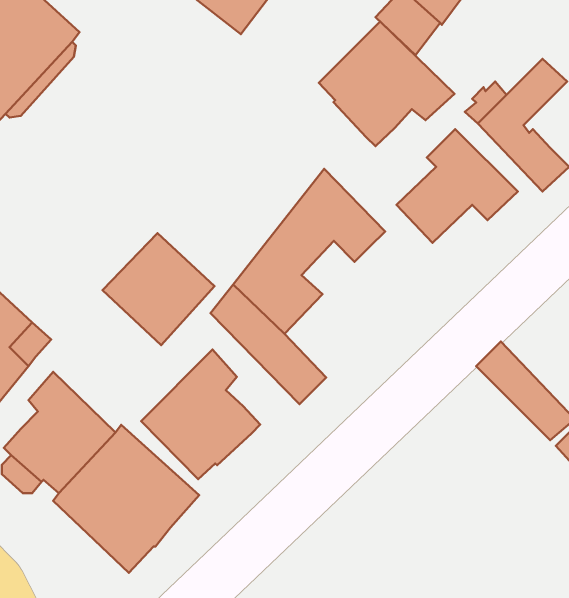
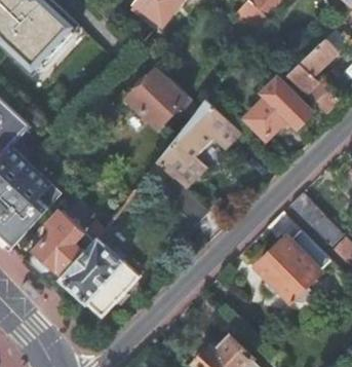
building: [319,22,455,146] -> none
building: [102,233,214,345] -> [126,69,187,130]
building: [141,349,260,479] -> none
building: none -> [258,212,330,301]

